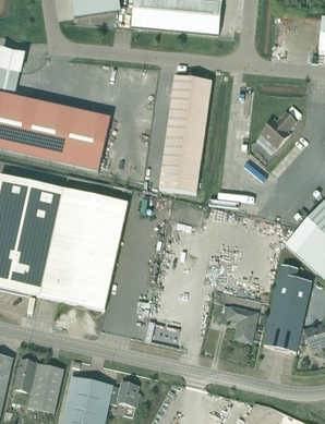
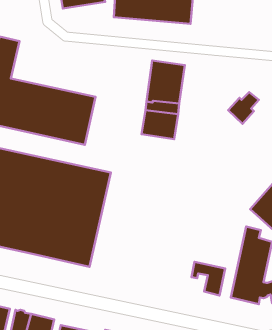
building: [159,159,200,193] -> none

